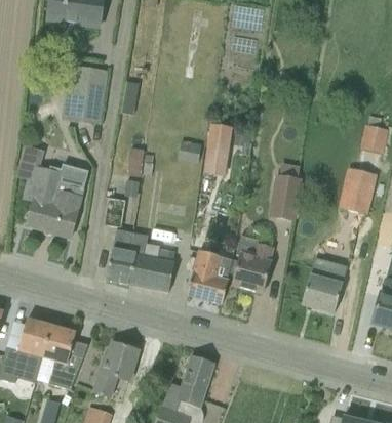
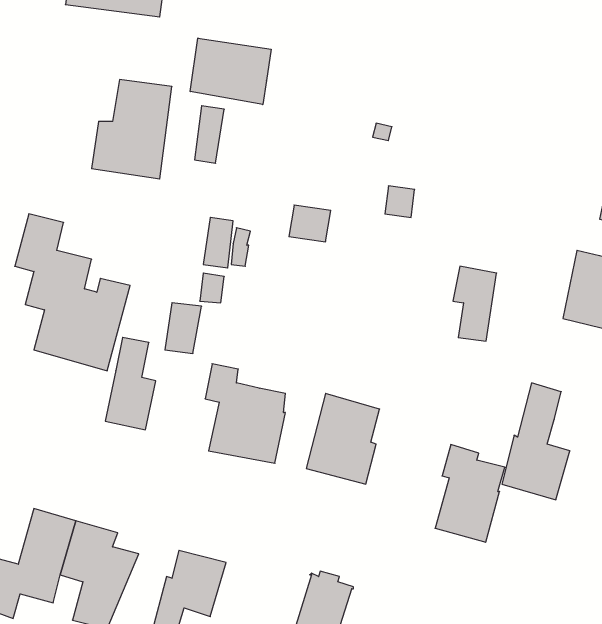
building: none -> [190,38,271,105]
building: [203,124,232,176] -> none
building: [106,229,135,284] -> [105,337,156,430]
building: [232,235,273,292] -> [435,445,505,542]

